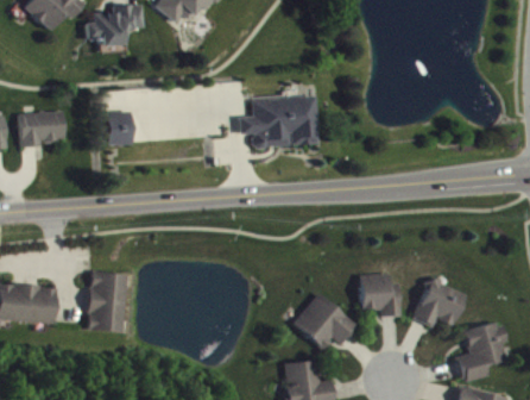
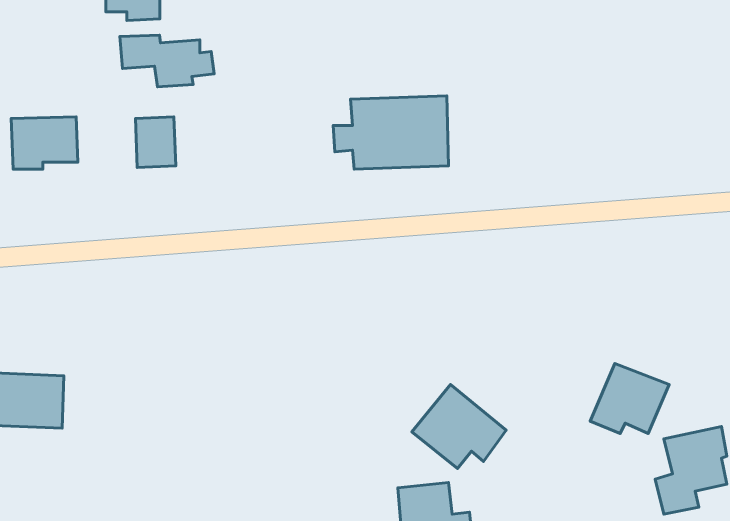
building: none -> [120,35,214,87]
building: [87,271,127,332] -> none
building: [361,274,402,317] -> none

